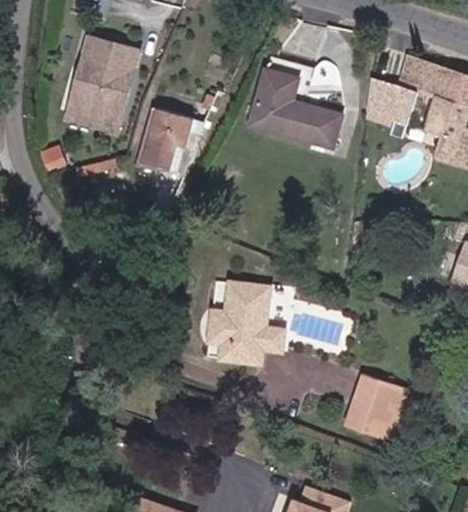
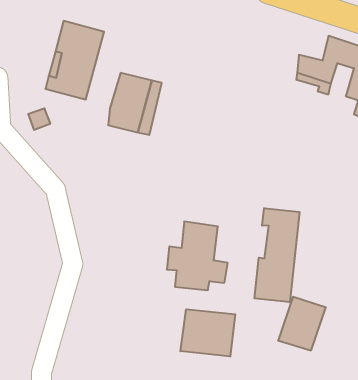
building: [253,50,342,139] -> none
building: none -> [254,208,299,302]
building: none -> [180,309,235,357]

